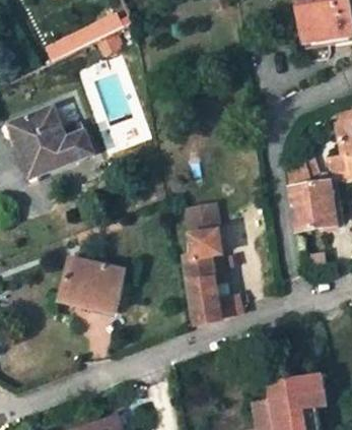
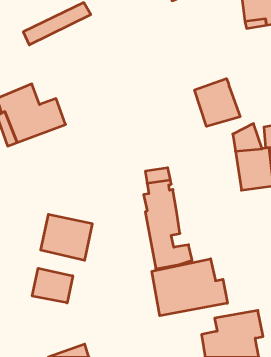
building: none -> [195,79,240,126]
building: none -> [152,259,227,316]
building: none -> [32,268,73,303]

